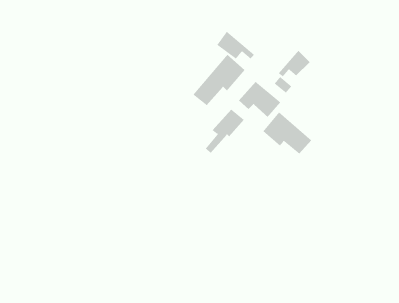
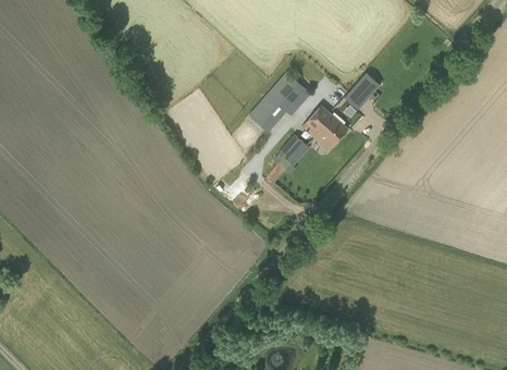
building: [217,31,255,59] -> none
building: [262,112,312,154] -> none

